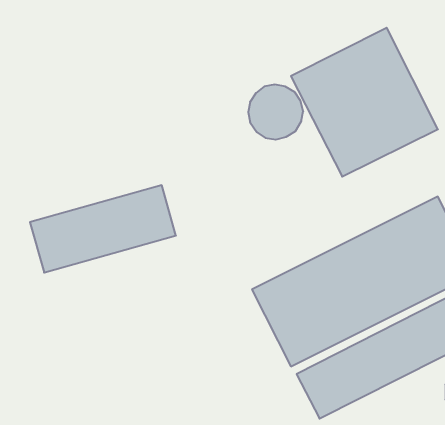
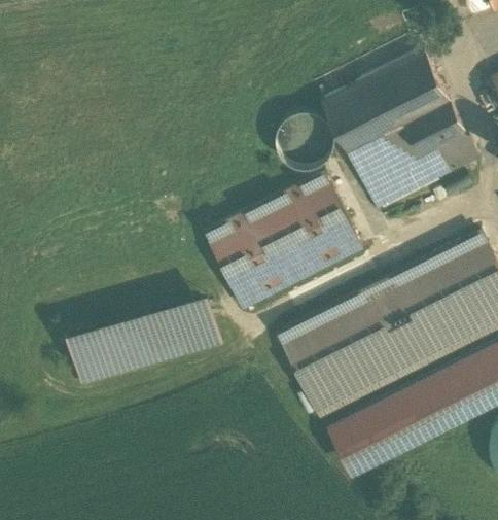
building: none -> [205,175,362,309]
building: [30,185,176,273] -> [66,293,224,388]

